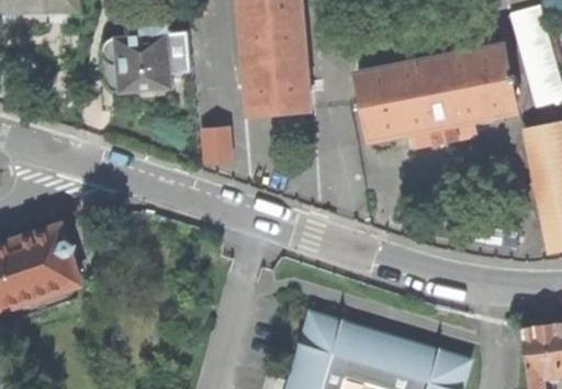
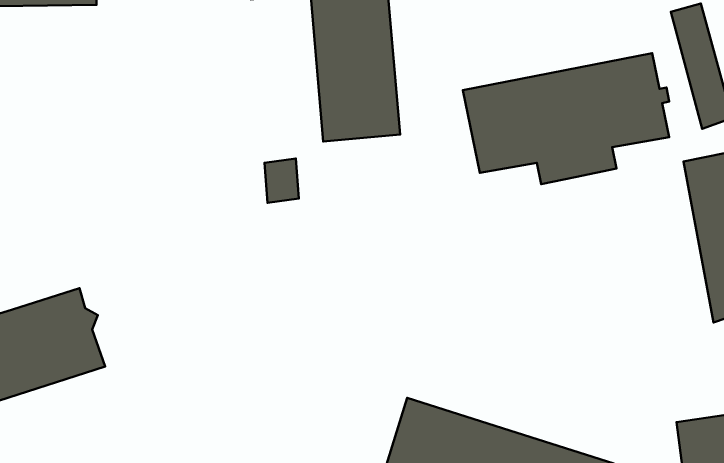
building: [102,25,191,92] -> none

